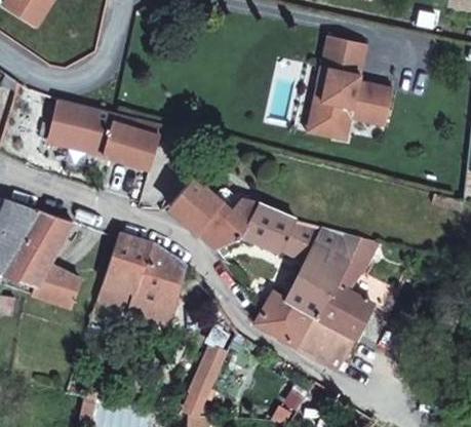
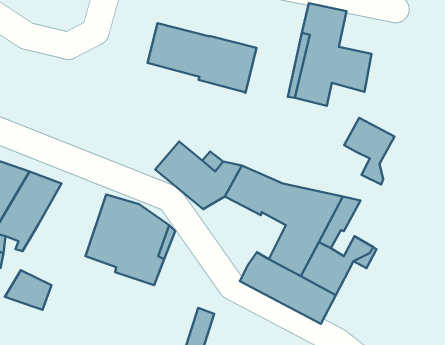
building: [49,98,161,169] -> [148,23,256,93]
building: none -> [344,118,395,185]
building: [32,265,80,306] -> [5,270,52,310]

